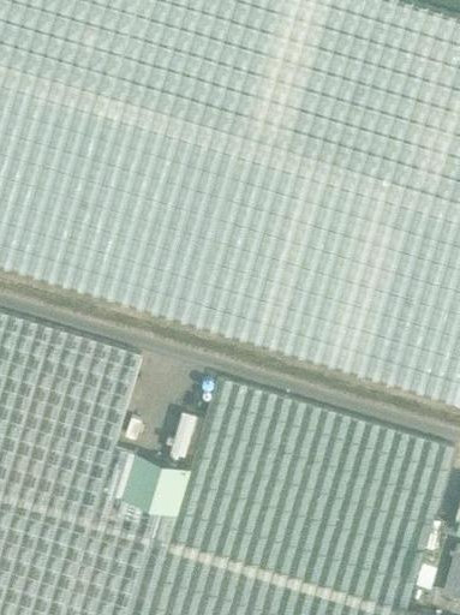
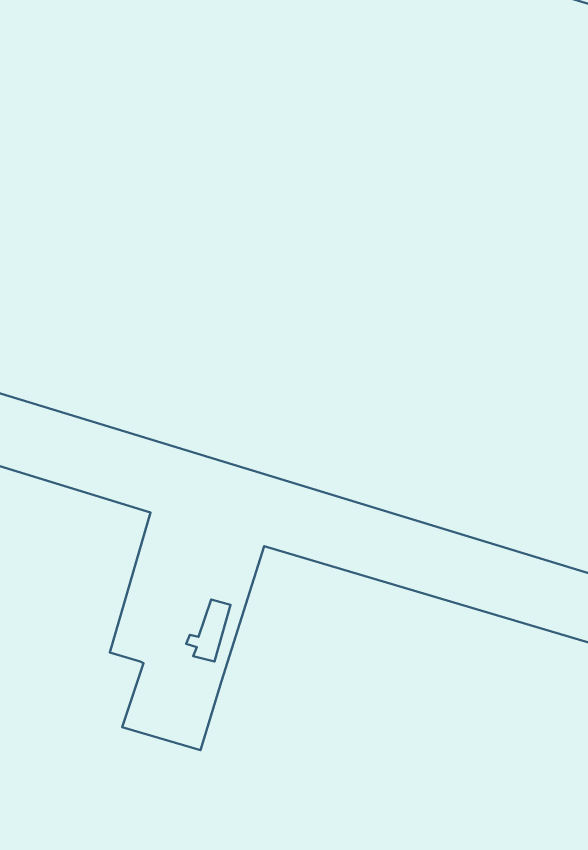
building: [121,453,189,515] -> none

